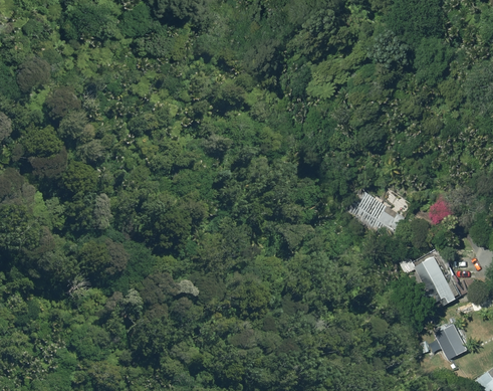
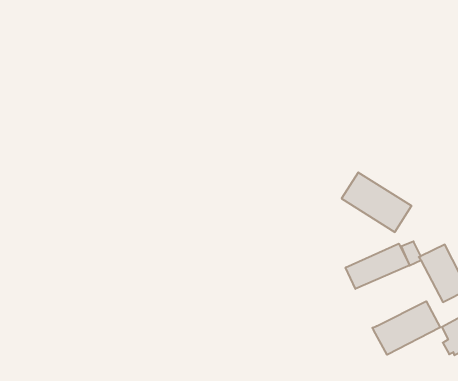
building: none -> [346,244,410,289]
building: none -> [372,301,440,355]

